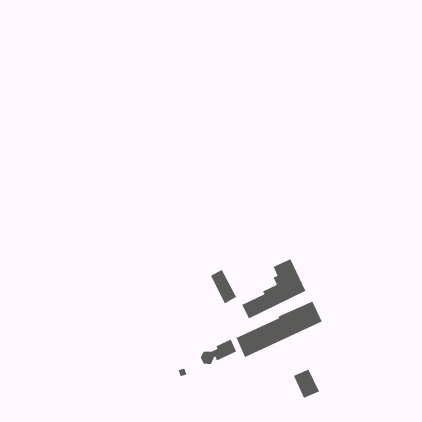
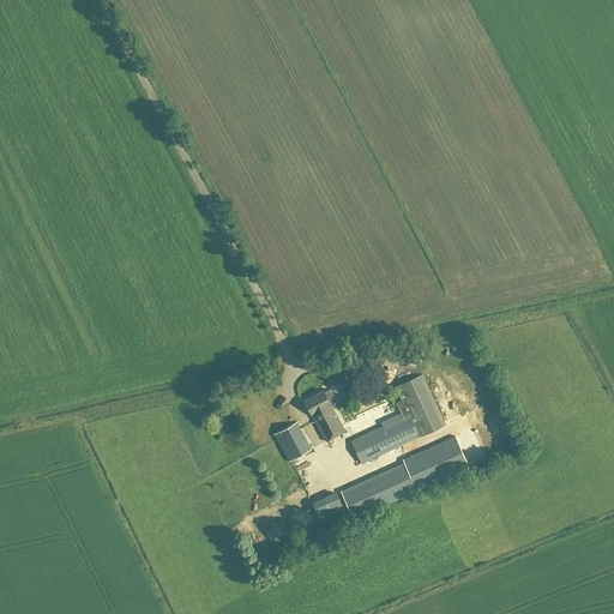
building: none -> [275,422,311,460]
building: [293,368,320,399] -> none

